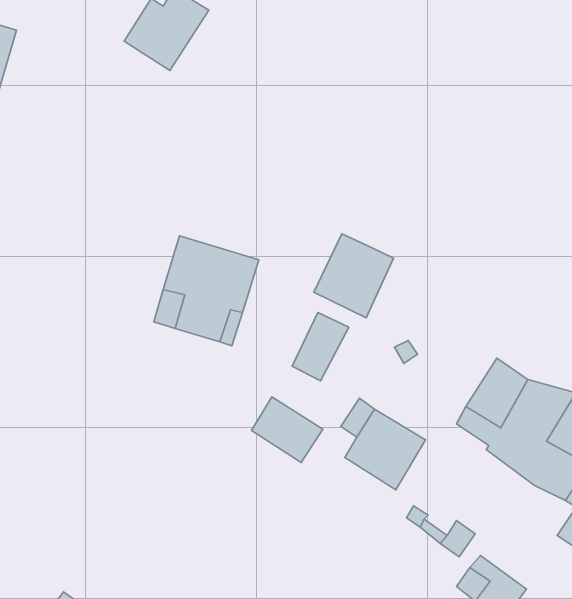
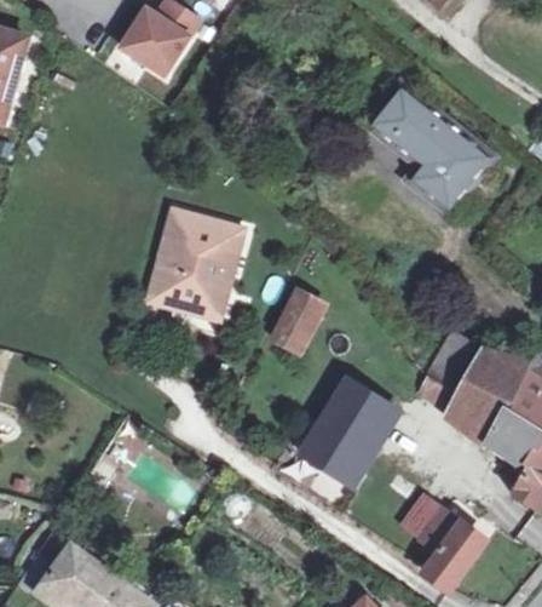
building: none -> [367,84,494,212]
building: [314,234,393,318] -> none
building: [252,397,323,463] -> [304,423,368,482]

